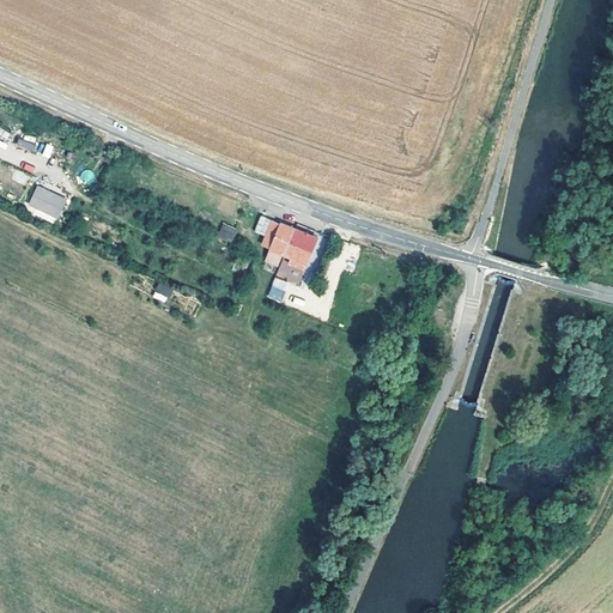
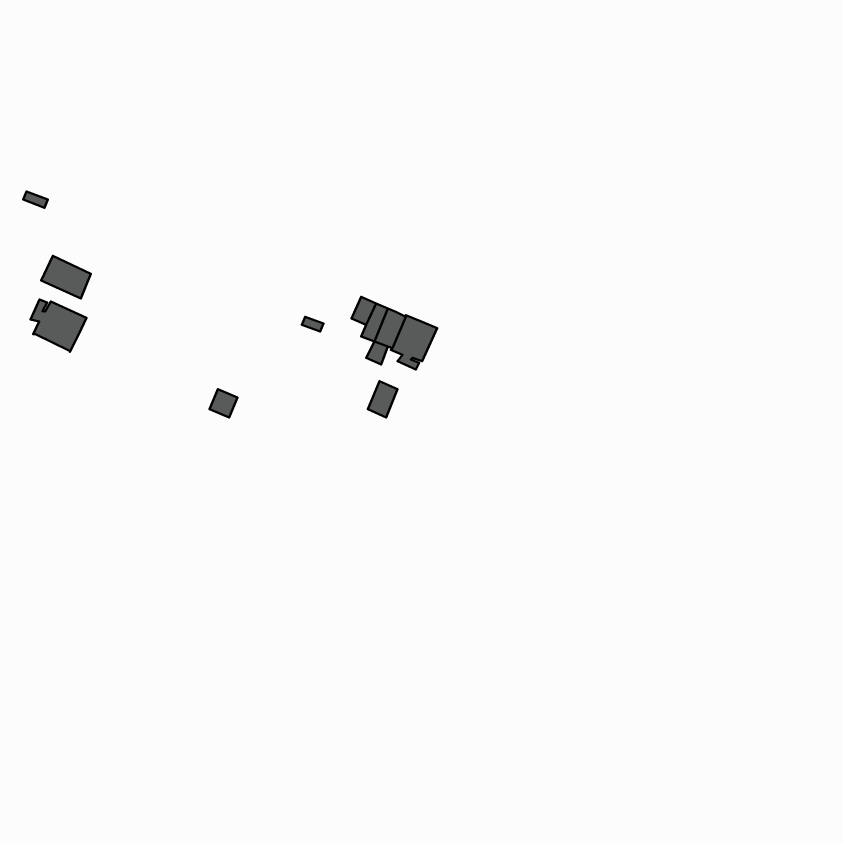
building: none -> [30,299,87,352]

